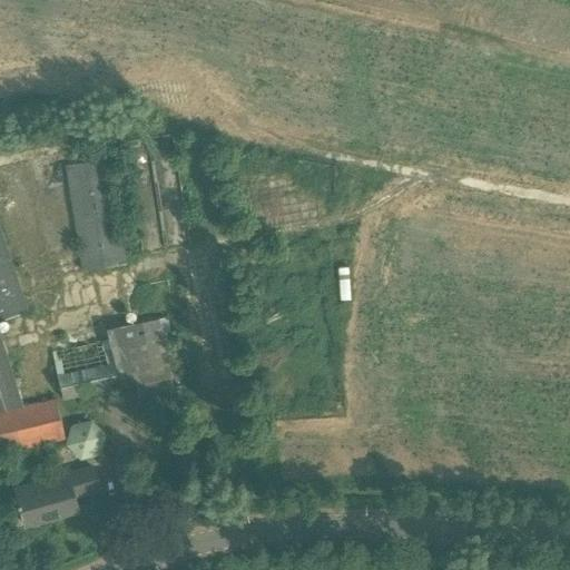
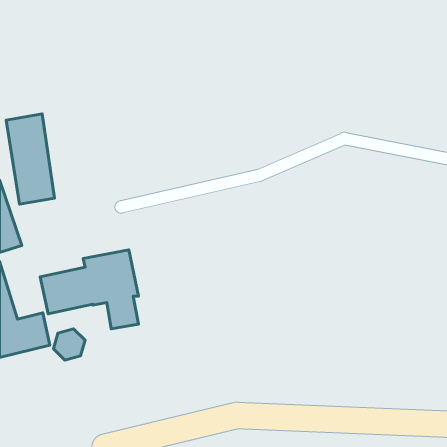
building: [63,157,125,272] -> [6,114,54,204]
building: [13,465,98,524] -> none

